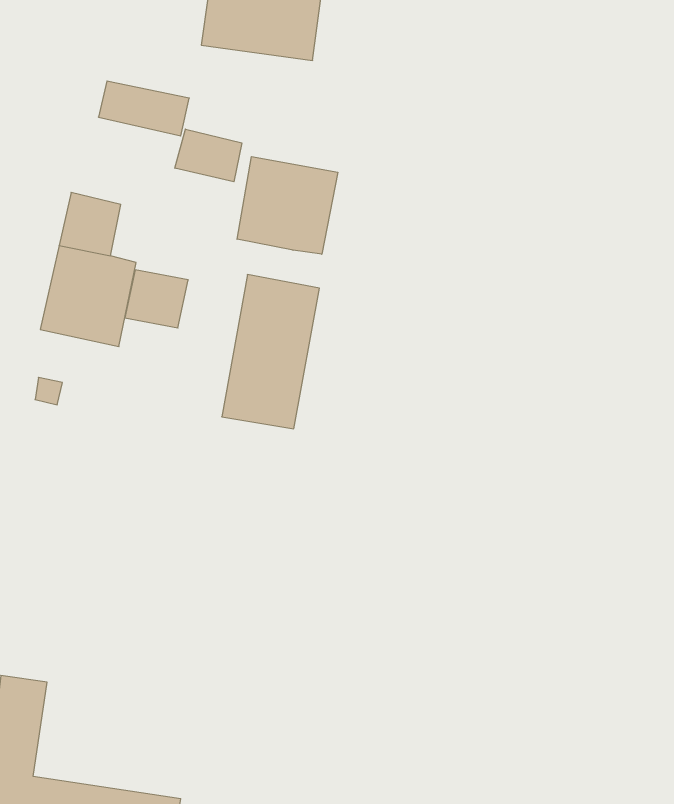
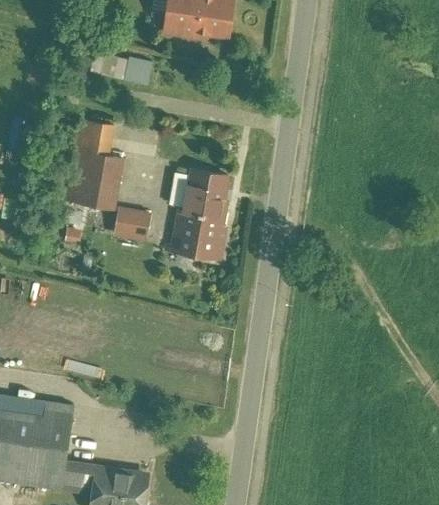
building: [175,129,242,182] -> none
building: [237,157,338,254] -> none
building: [125,270,188,328] -> [114,206,151,240]

